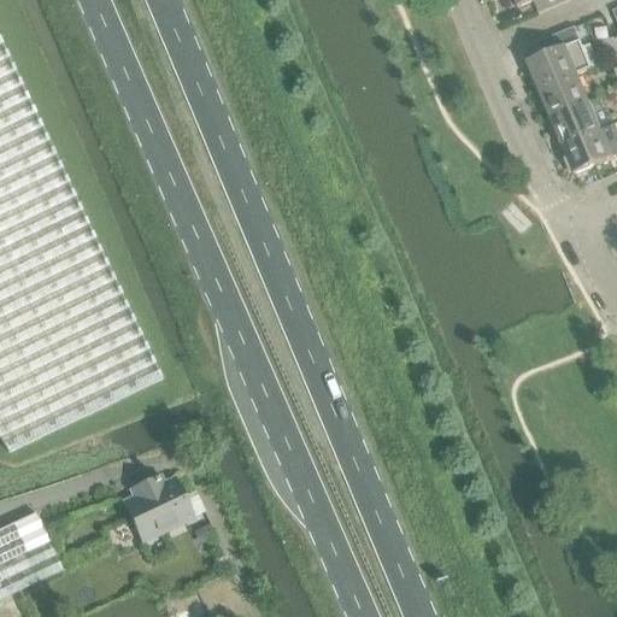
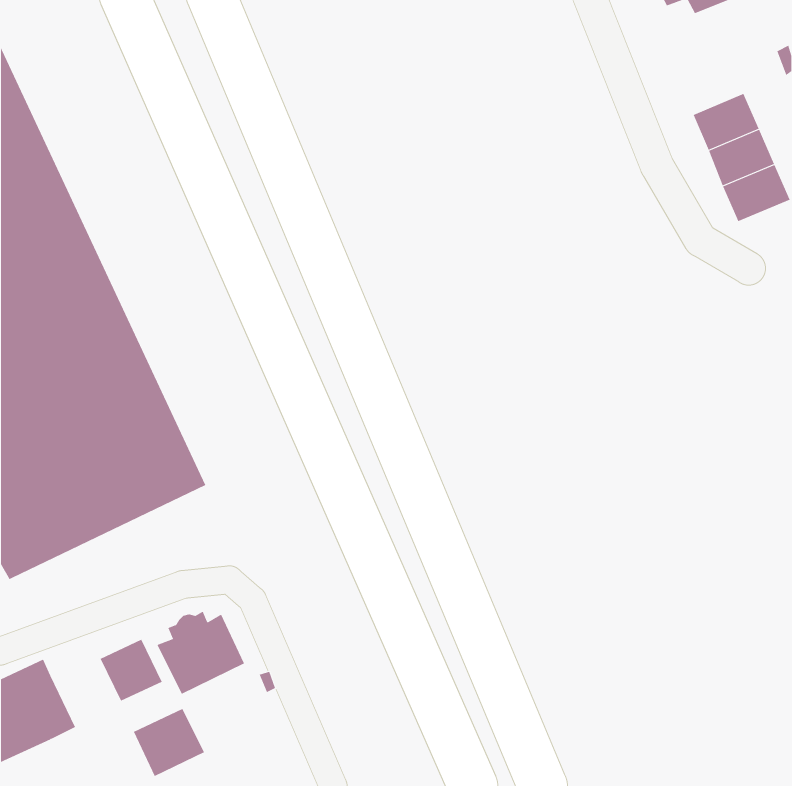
building: [527,27,590,89] -> none
building: none -> [100,639,162,702]
building: none -> [133,708,205,777]

